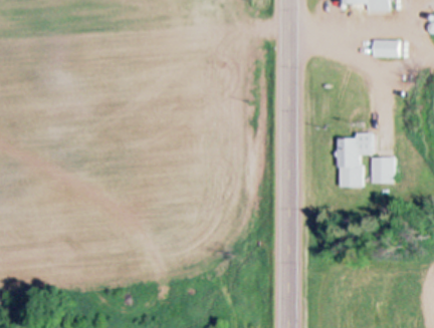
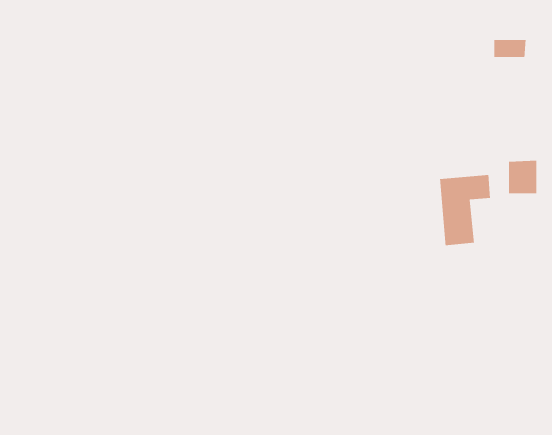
building: [374,157,394,182] -> [508,160,537,194]

